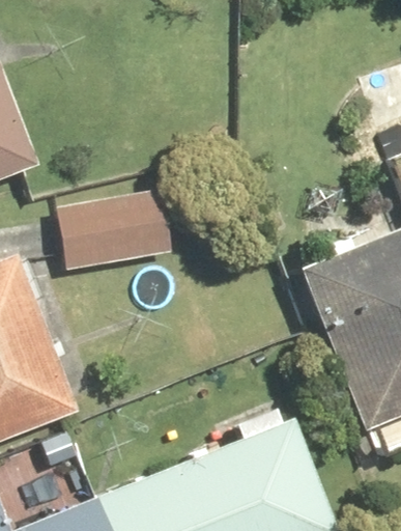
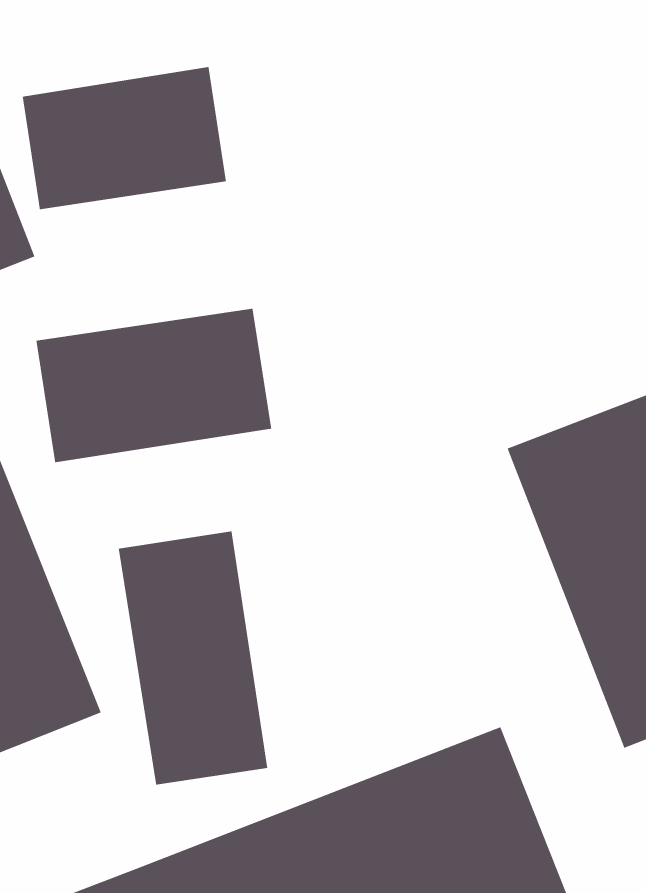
building: none -> [22,66,227,210]
building: none -> [118,531,268,786]

